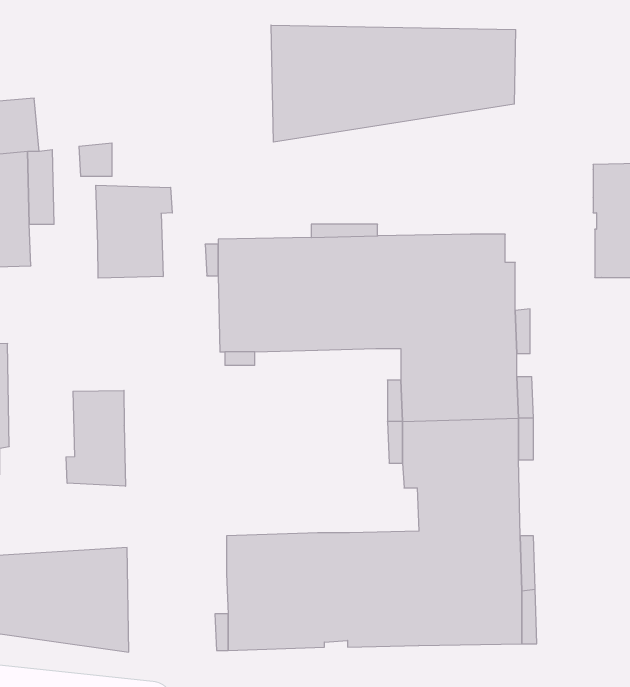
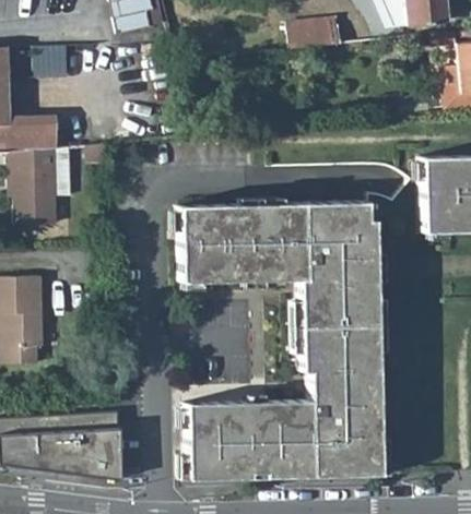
building: [271,25,516,142] -> none
building: [96,185,172,278] -> none
building: [66,390,125,486] -> none

